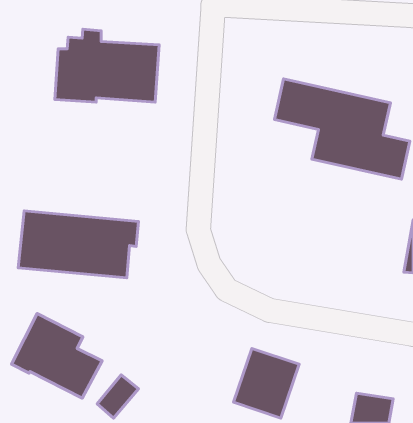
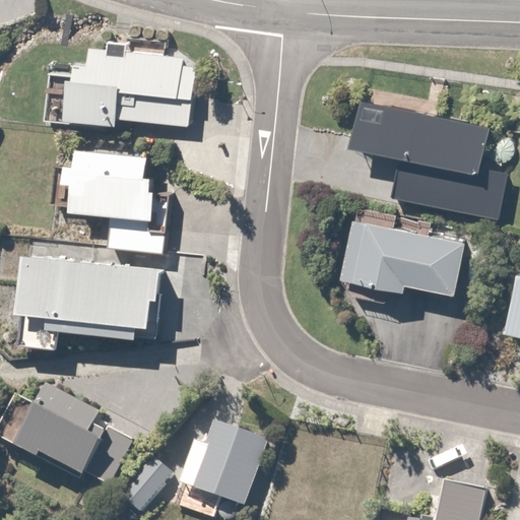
building: none -> [51,144,167,231]
building: none -> [337,217,469,304]
building: [234,348,299,418] -> [188,424,268,509]

